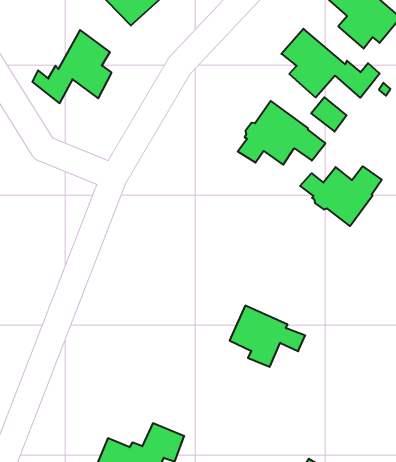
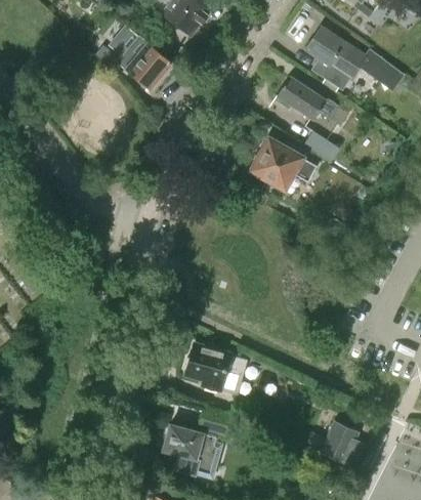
building: [32,30,111,103] -> none
building: [300,166,382,226] -> none
building: [230,306,305,367] -> [187,345,248,392]

